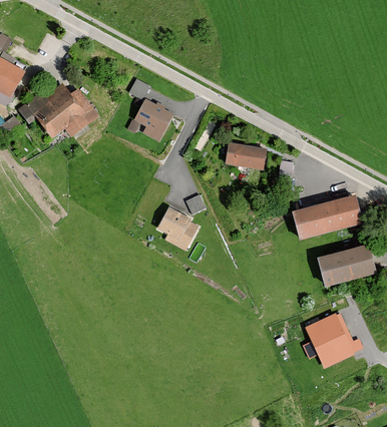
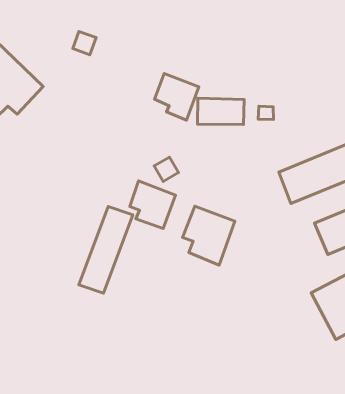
building: [132,99,171,141] -> [154,73,199,120]
building: none -> [79,207,133,293]
building: none -> [182,206,235,265]

